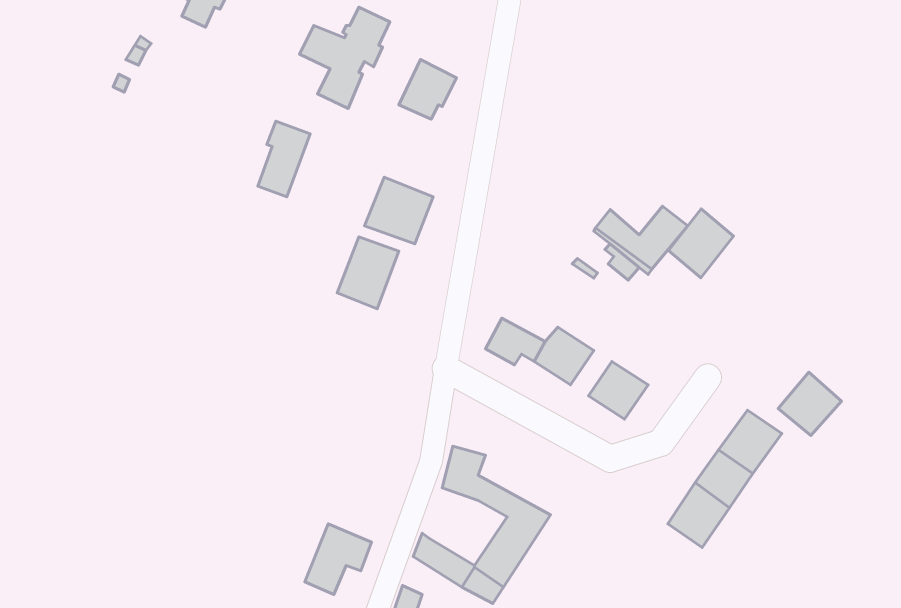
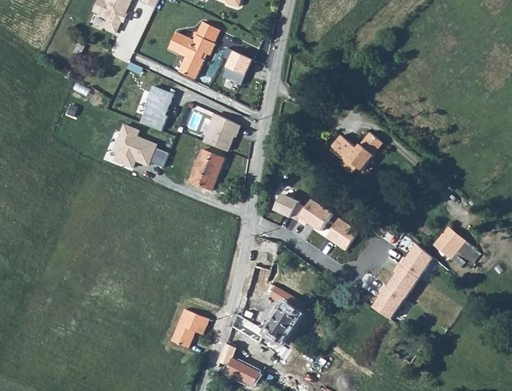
building: none -> [115,125,171,170]
building: [668,209,734,278] -> none
building: none -> [450,240,481,267]

